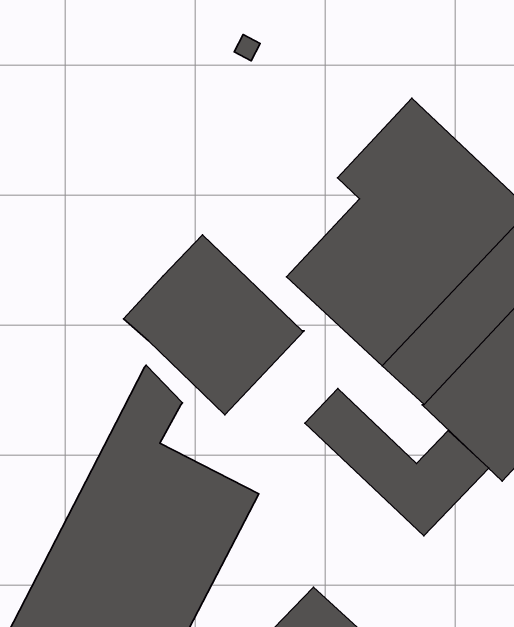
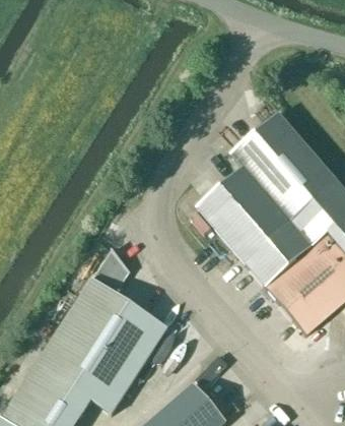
building: [123,235,304,415] -> none
building: [305,389,489,536] -> none

